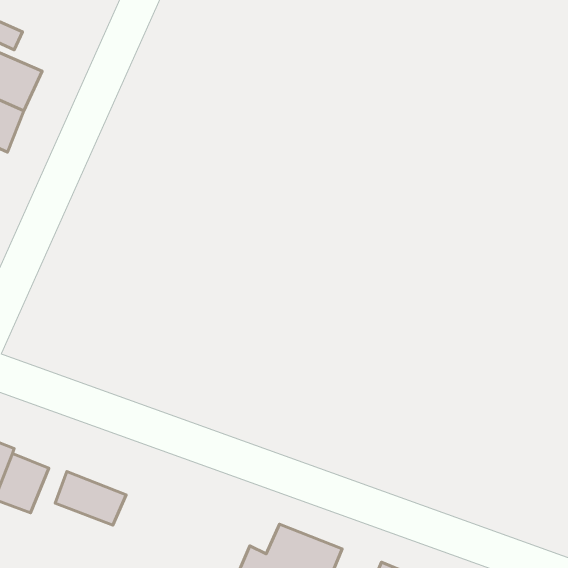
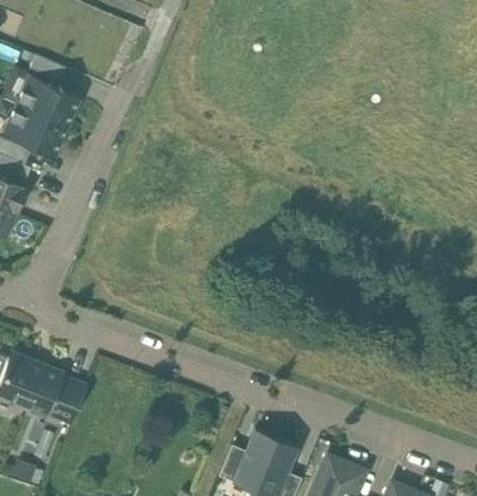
building: [55,471,126,525] -> none

